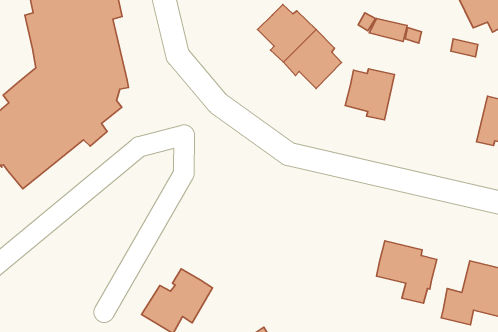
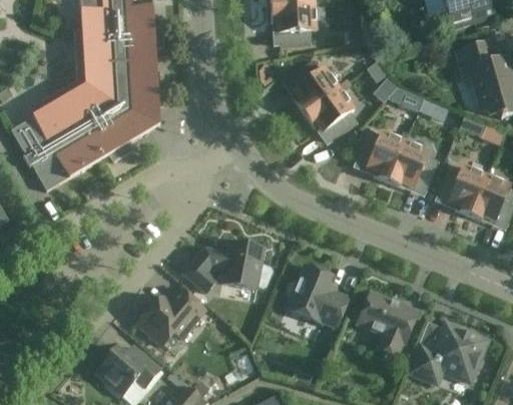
building: none -> [389,141,439,192]
building: none -> [436,165,487,216]
building: none -> [183,242,265,293]
building: none -> [287,265,349,328]

